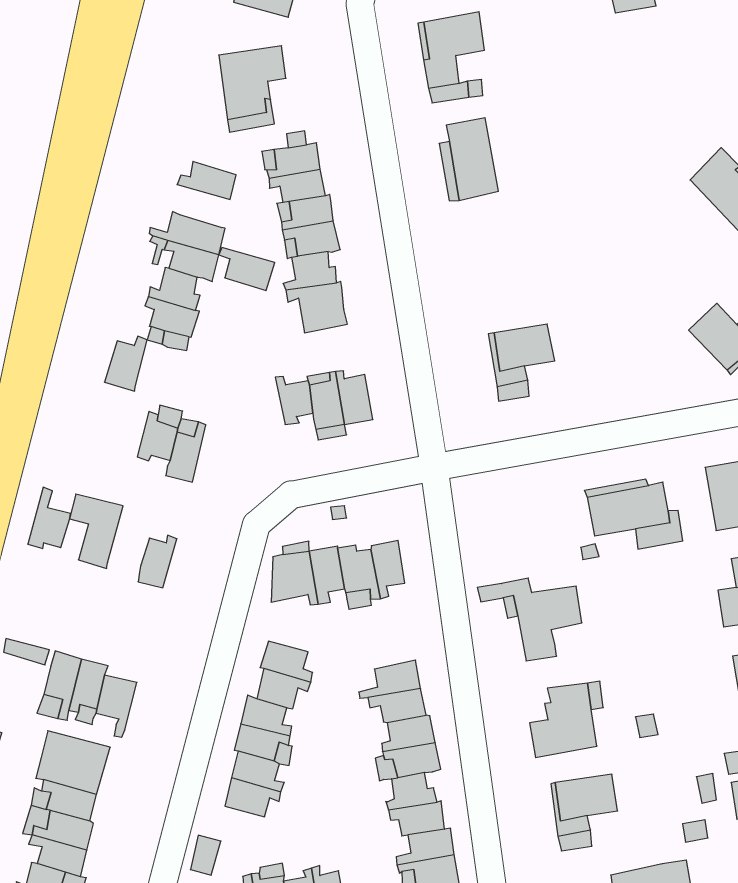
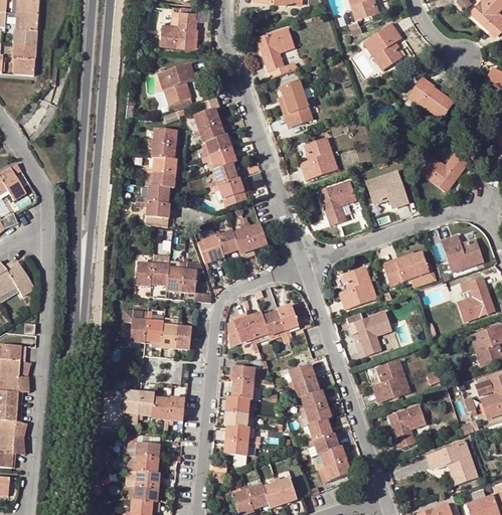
building: none -> [363,23,400,69]
building: none -> [300,138,337,179]
building: [219,248,275,291] -> [147,142,176,160]
building: none -> [366,171,407,206]
building: [104,336,147,391] -> [135,259,153,287]
building: none -> [197,228,223,264]
building: none -> [181,262,197,294]
building: [28,487,70,549] -> [145,310,164,341]
building: none -> [339,267,375,309]
building: none -> [175,322,192,350]
building: none -> [168,396,185,423]

